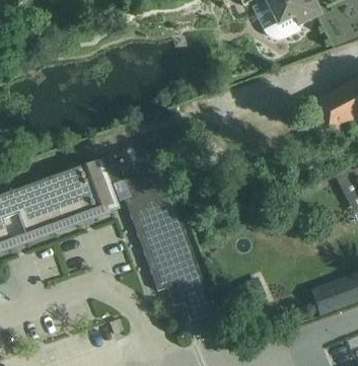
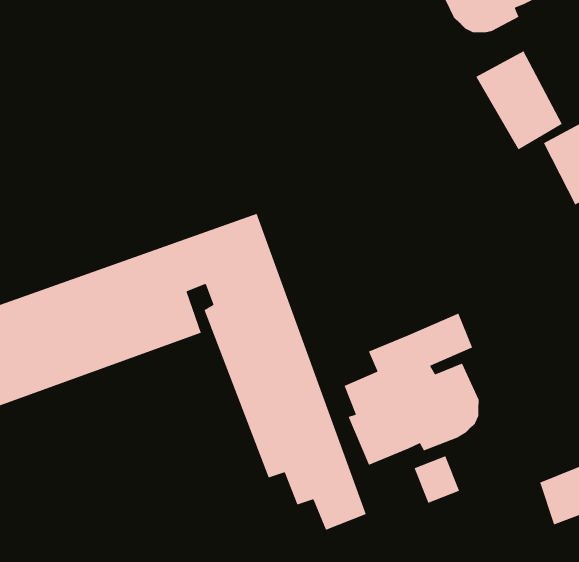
building: none -> [475,50,563,150]
building: none -> [344,313,479,466]

